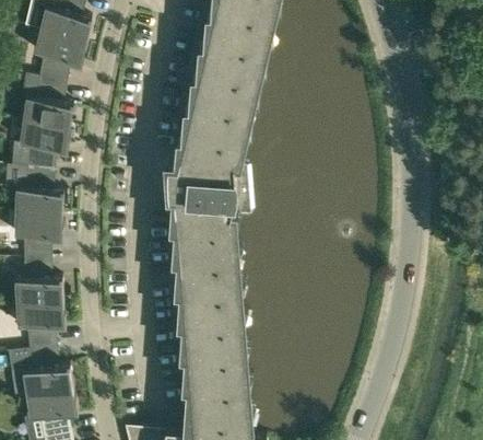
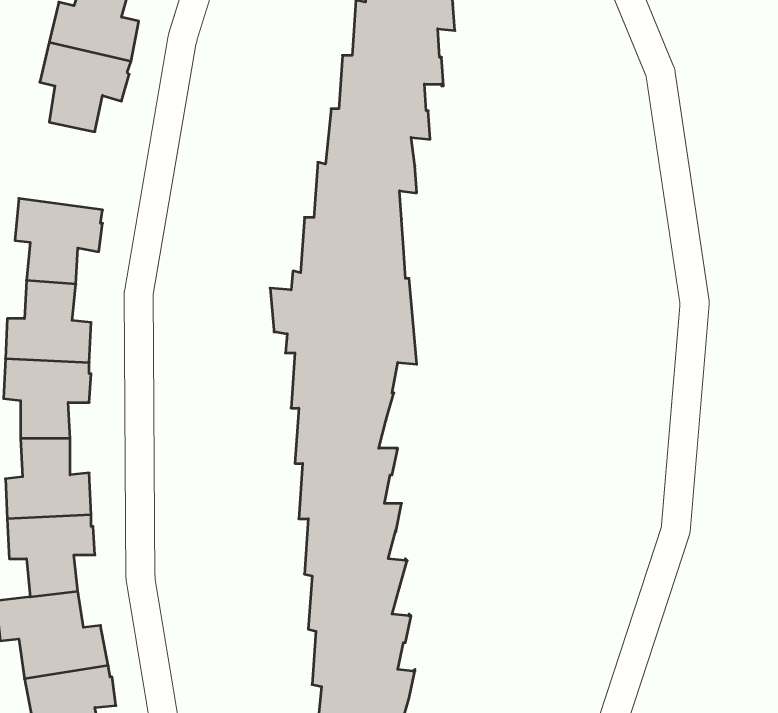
building: [21,81,72,131] -> none

